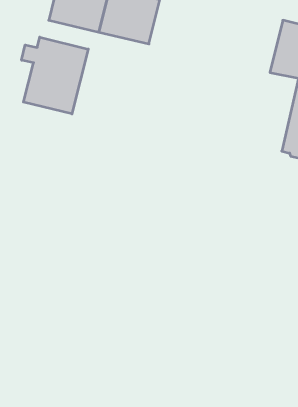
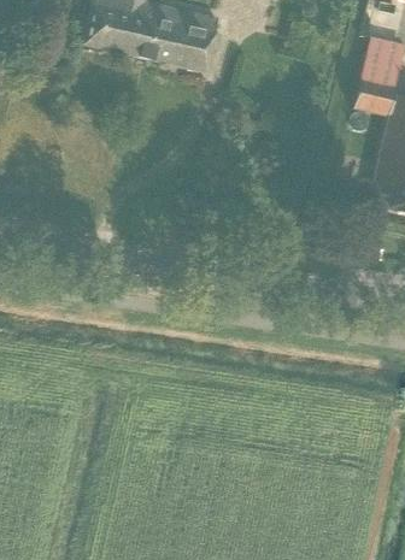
building: [22,37,88,114] -> none

